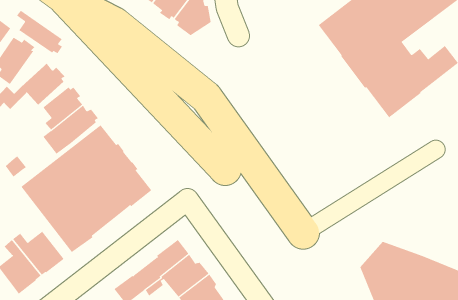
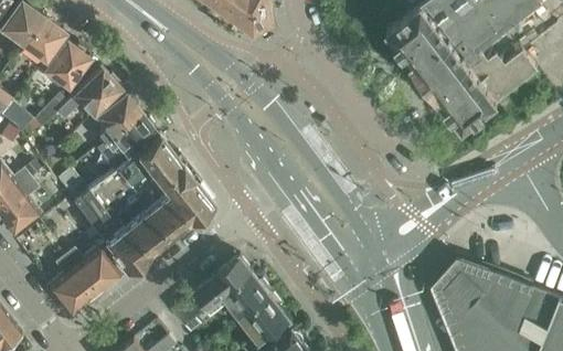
building: [16,10,63,54] -> none

